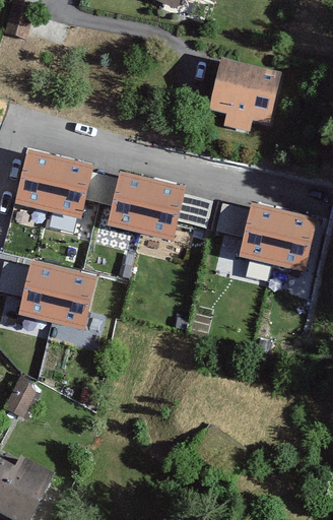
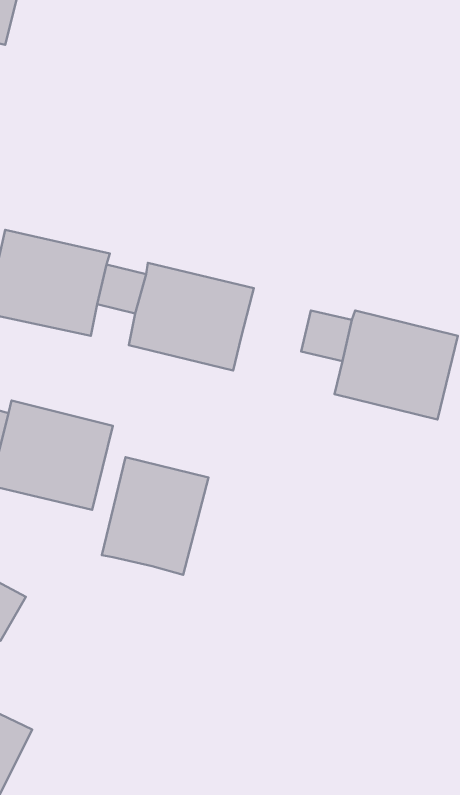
building: [205,54,281,119] -> none
building: [179,194,213,229] -> none
building: none -> [102,457,209,575]

